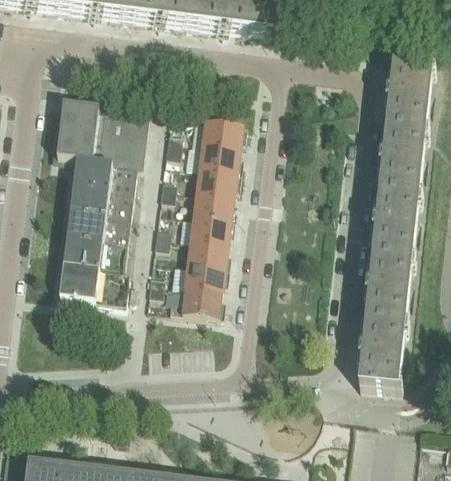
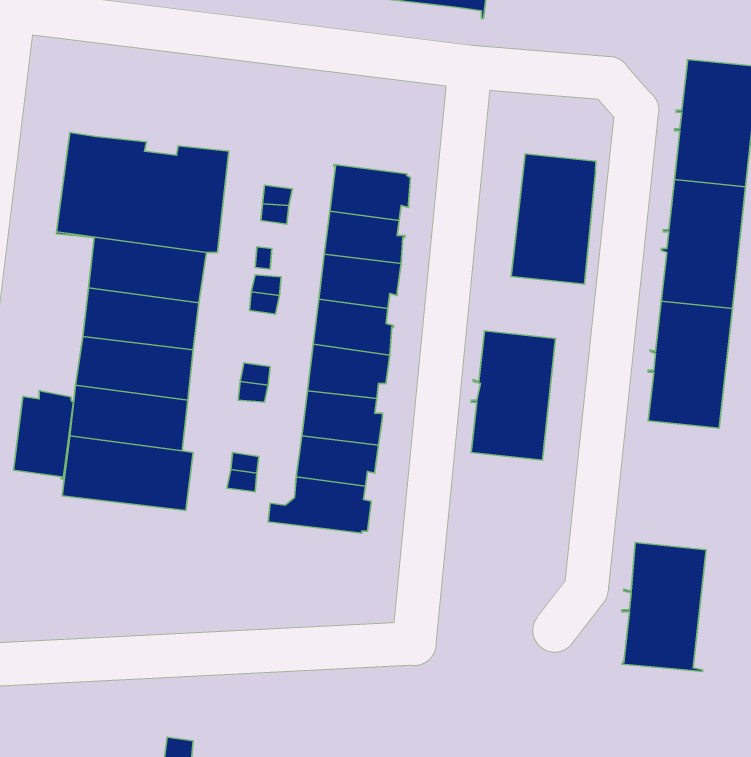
building: none -> [511,154,596,284]
building: none -> [14,390,74,479]
building: [365,253,410,322] -> [471,331,555,460]

